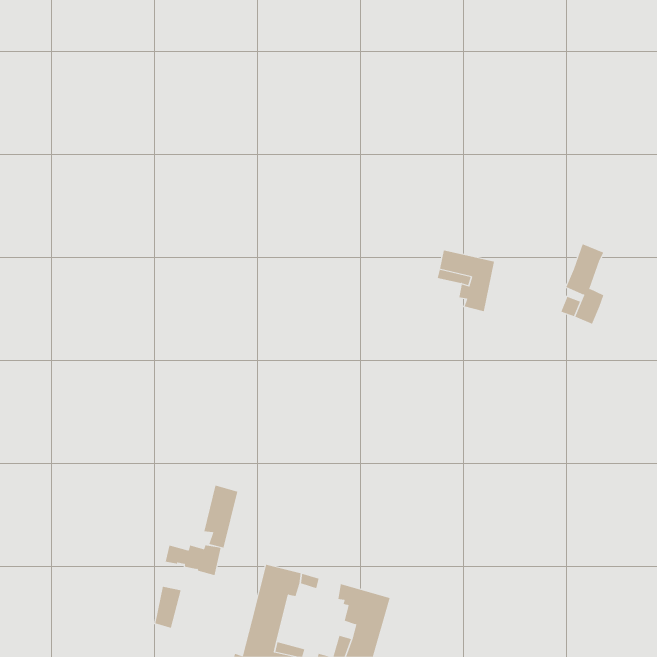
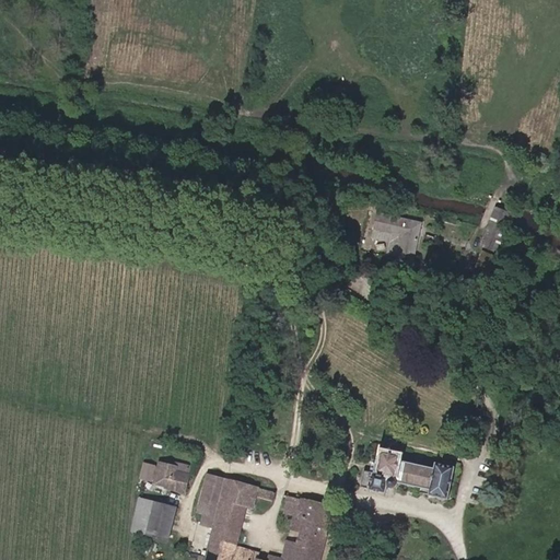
building: [203,485,238,548] -> [196,474,225,527]
building: none -> [360,450,454,498]
building: none -> [145,501,175,539]

